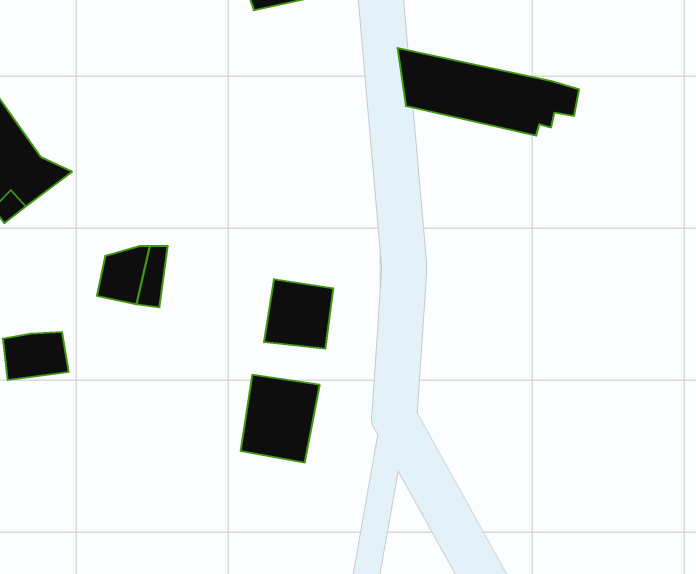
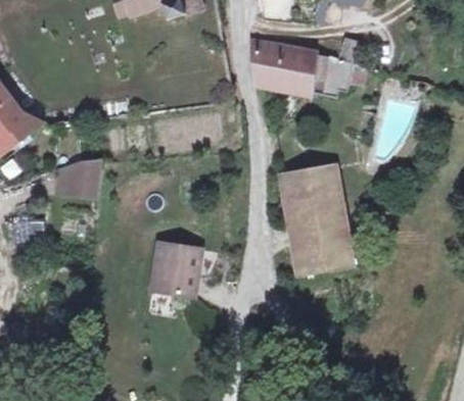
building: none -> [280,166,350,273]
building: [264,279,333,349] -> none

